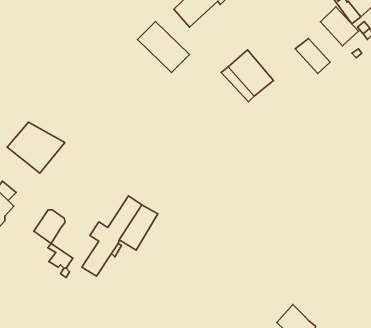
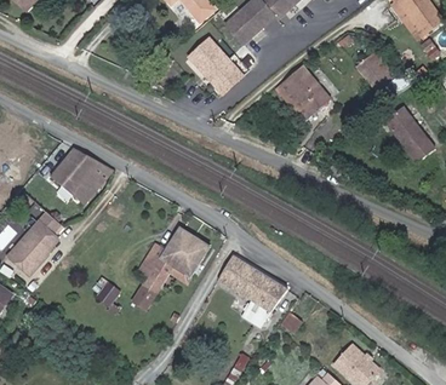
building: [320,7,359,46] -> none
building: none -> [388,108,433,155]
building: [34,210,65,243] -> none
building: none -> [218,255,287,312]

